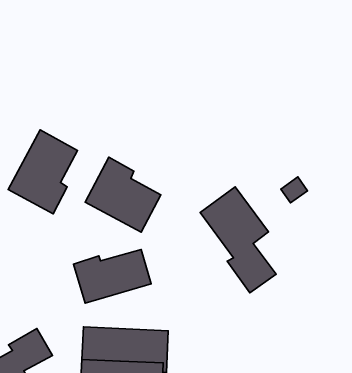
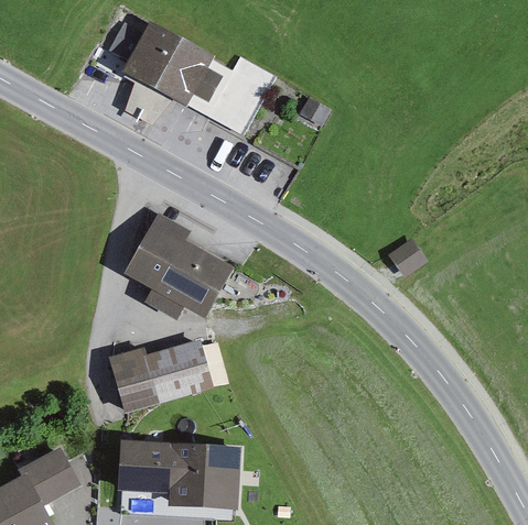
building: none -> [112,22,273,133]
building: [8,130,78,214] -> none
building: [200,187,276,293] -> none

